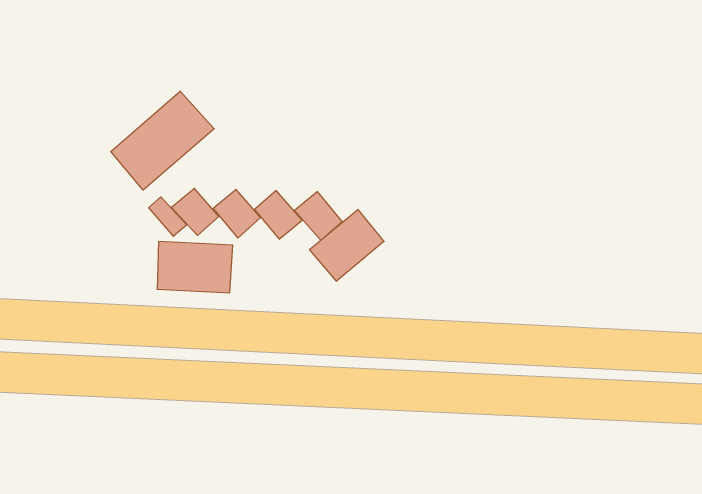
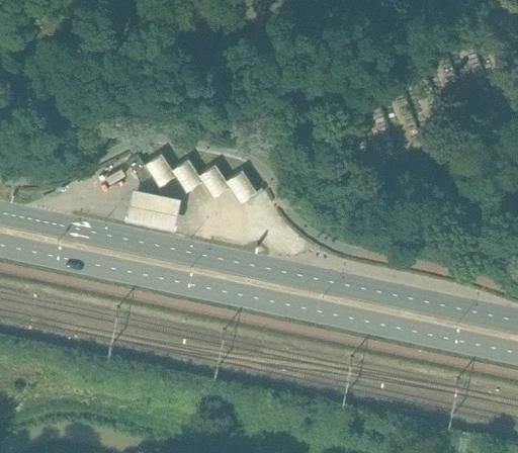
building: [111,91,214,190] -> none
building: [309,209,384,281] -> none

